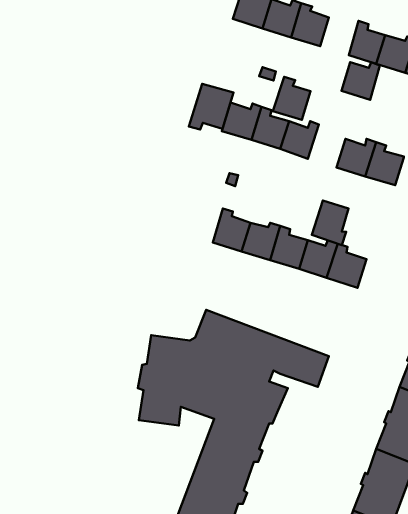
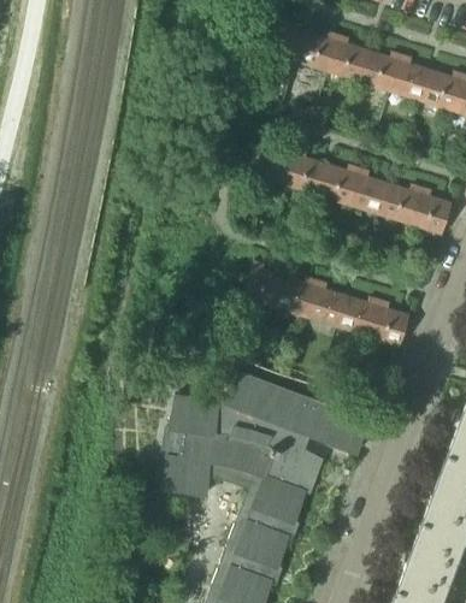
building: [341,62,380,100] -> [361,51,403,91]
building: [273,77,311,120] -> [348,167,389,214]
building: [189,84,233,129] -> none
building: [312,200,348,245] -> none

